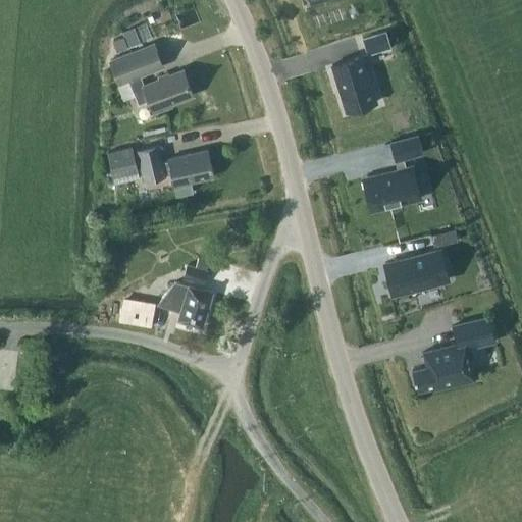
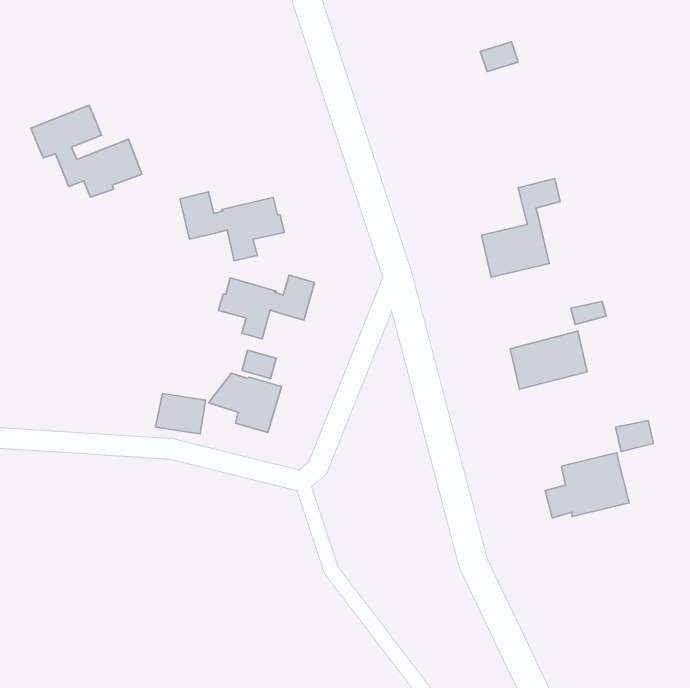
building: [113,24,152,53] -> none
building: [110,45,194,114] -> [31,105,142,197]
building: [332,57,376,113] -> none
building: [108,148,139,180] -> none
building: none -> [219,275,315,339]

